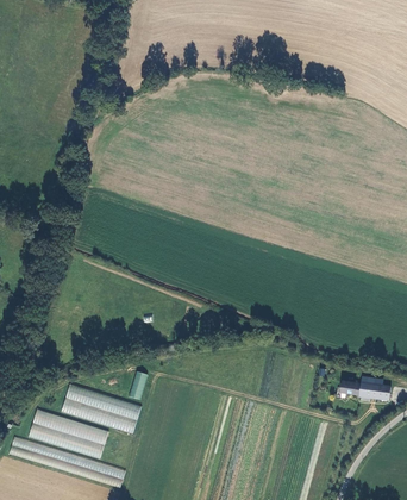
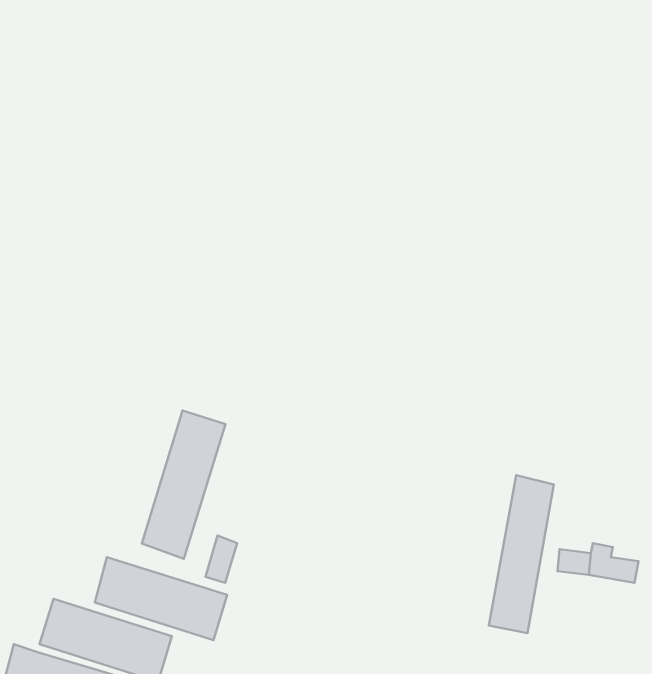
building: none -> [142,411,226,559]
building: none -> [489,475,554,633]

